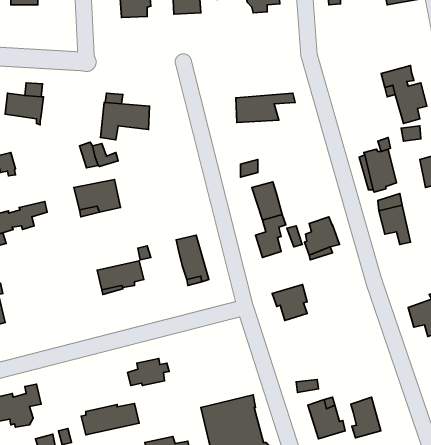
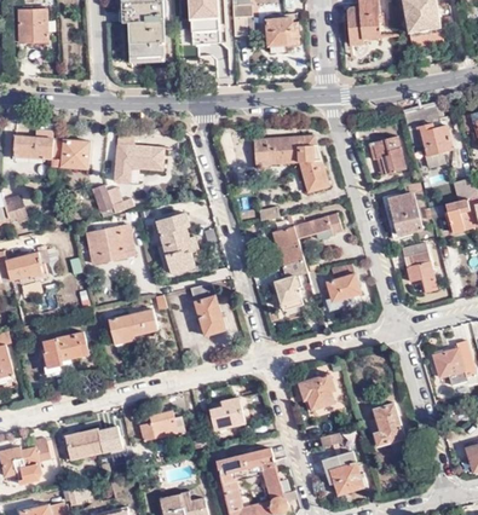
building: none -> [372,133,403,170]
building: none -> [51,139,88,169]
building: none -> [293,145,326,193]
building: none -> [157,213,201,274]
building: none -> [292,214,340,242]
building: none -> [41,332,90,368]
building: [272,284,307,320] -> [298,372,334,410]
building: none -> [209,398,249,429]
building: [351,397,381,438] -> [373,403,404,445]
building: [81,403,139,435] -> [62,429,122,462]

